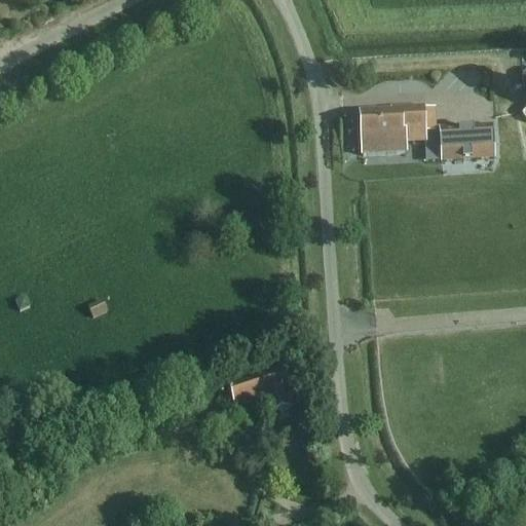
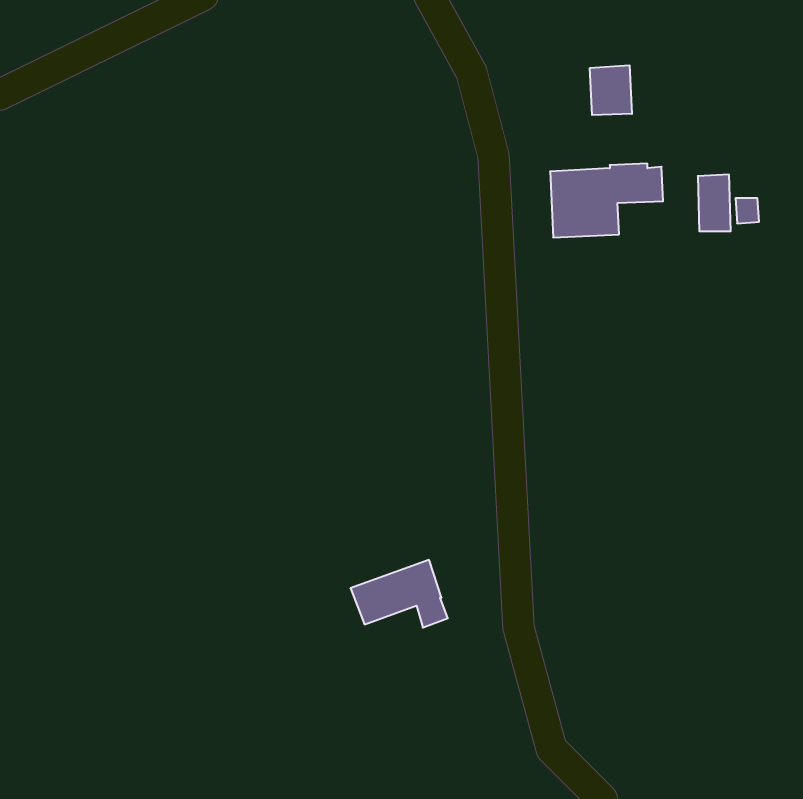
building: none -> [590,65,632,115]
building: [438,127,457,161] -> none

